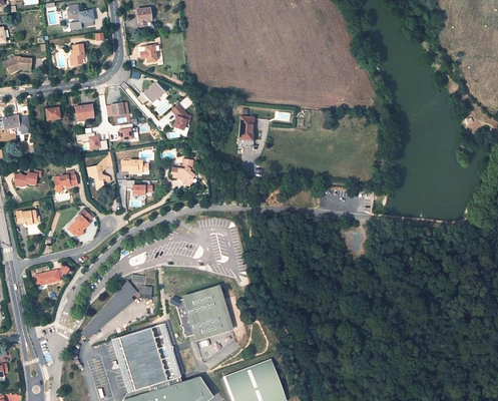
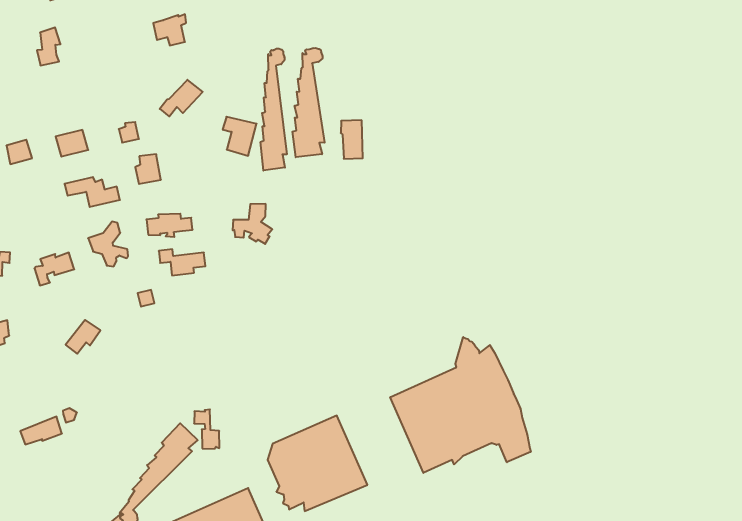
building: none -> [261,49,287,171]
building: none -> [292,48,325,157]
building: none -> [390,337,531,473]

